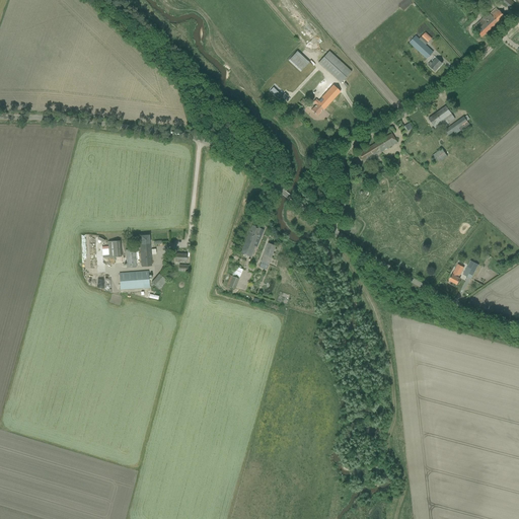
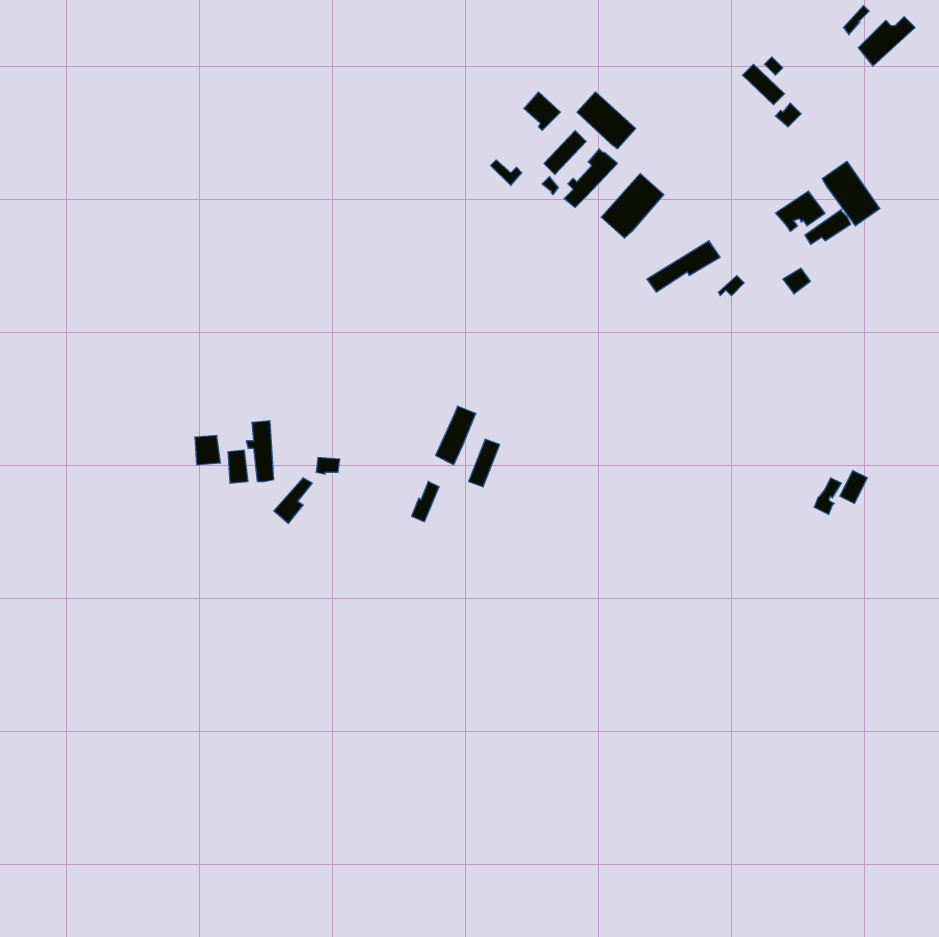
building: none -> [822,161,880,226]
building: none -> [601,173,664,238]
building: [120,270,149,289] -> none

